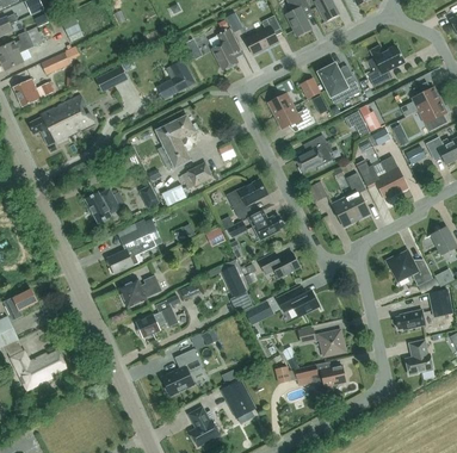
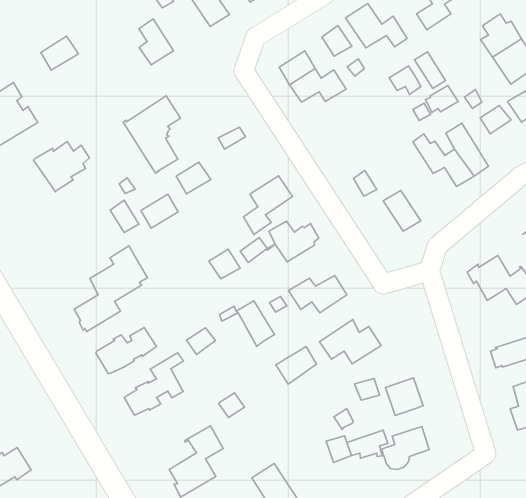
building: [295,135,332,173] -> none
building: [344,173,369,221] -> none
building: [84,188,123,223] -> [34,141,89,192]

